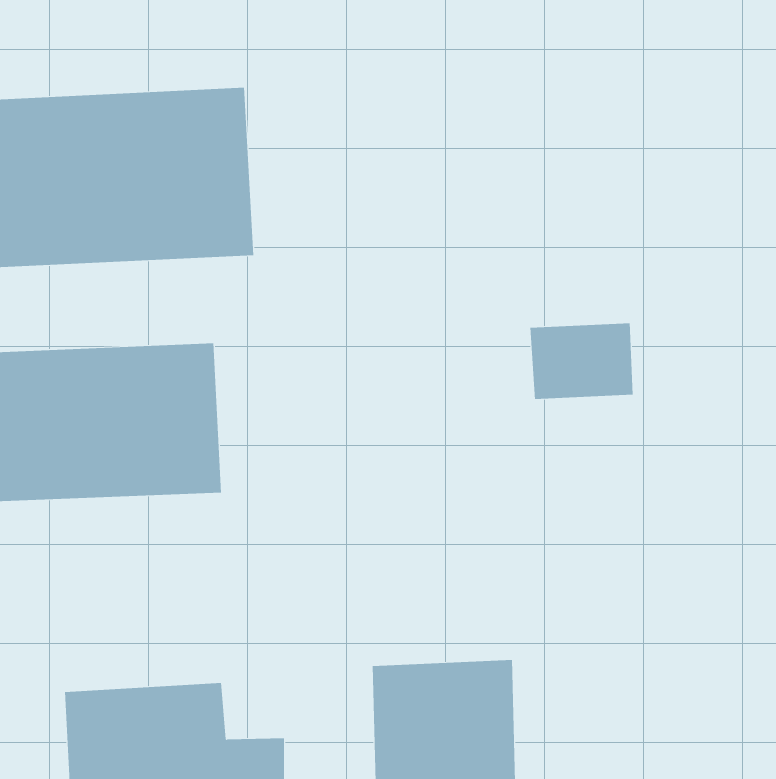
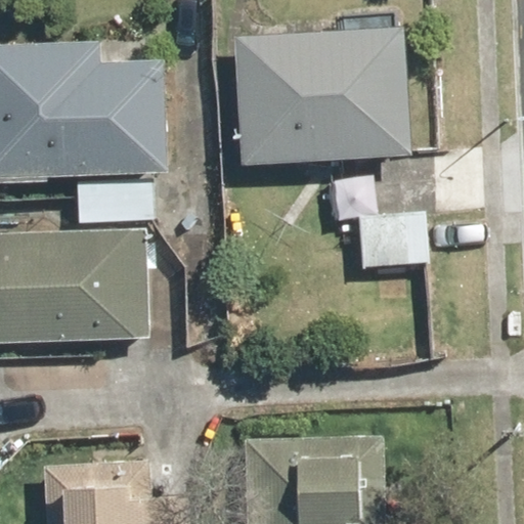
building: none -> [238,27,412,166]

